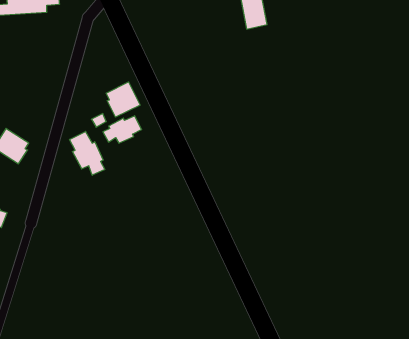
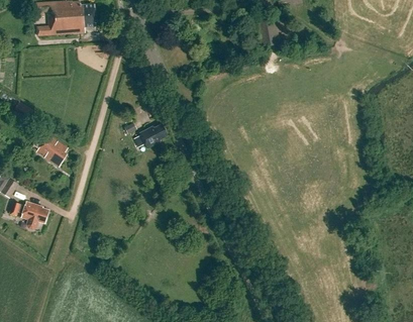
building: [106,82,140,117] -> none
building: [70,131,105,175] -> none

